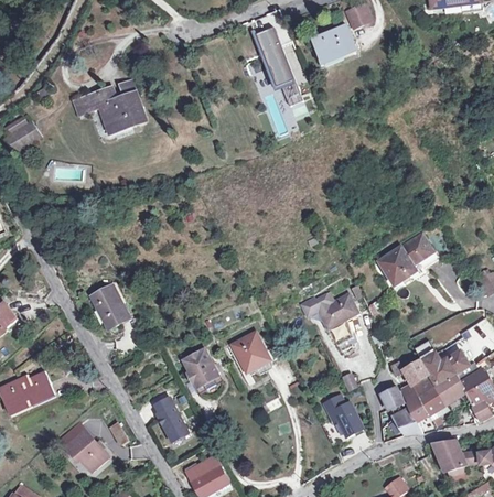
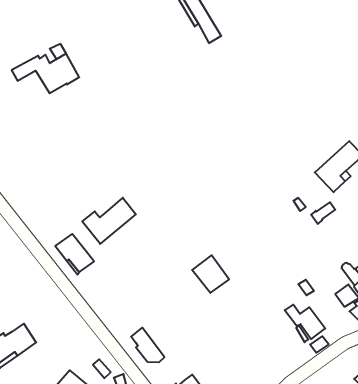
building: none -> [82,198,136,244]
building: [299,292,358,329] -> none
building: [186,349,218,390] -> none

